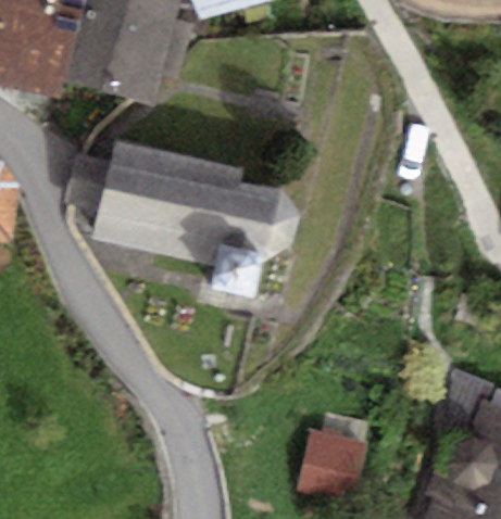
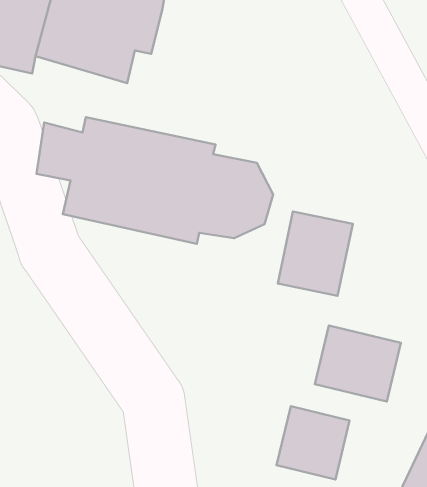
building: none -> [278,211,353,296]
building: none -> [315,326,401,402]

